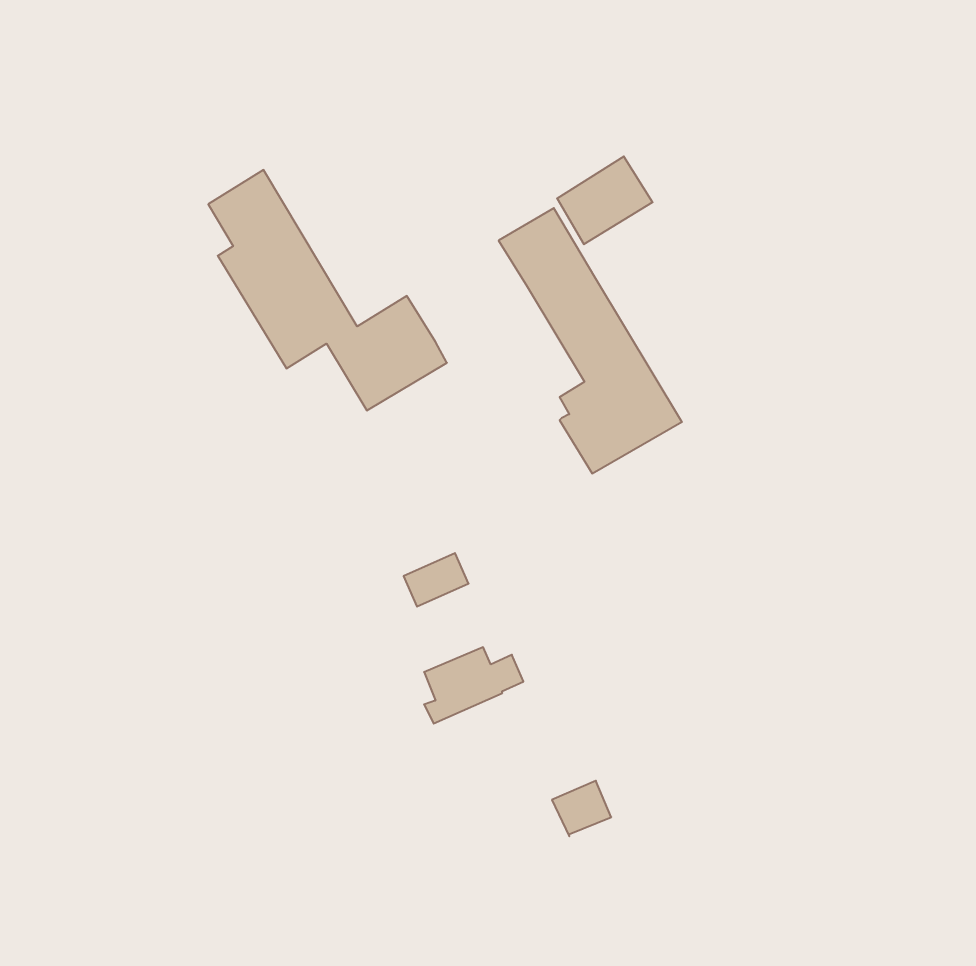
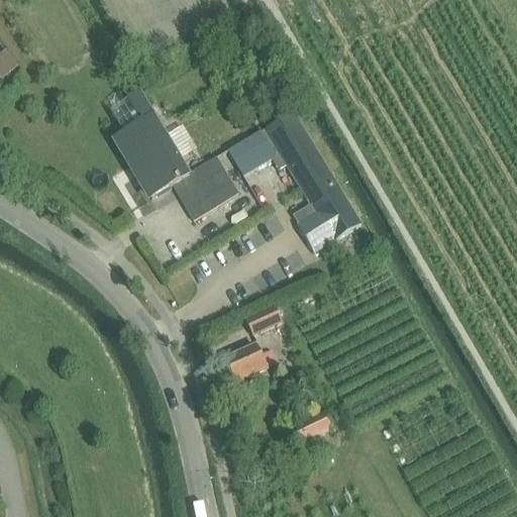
building: [557,156,653,244] -> [228,127,279,174]
building: [404,553,469,607] -> [245,305,280,333]

